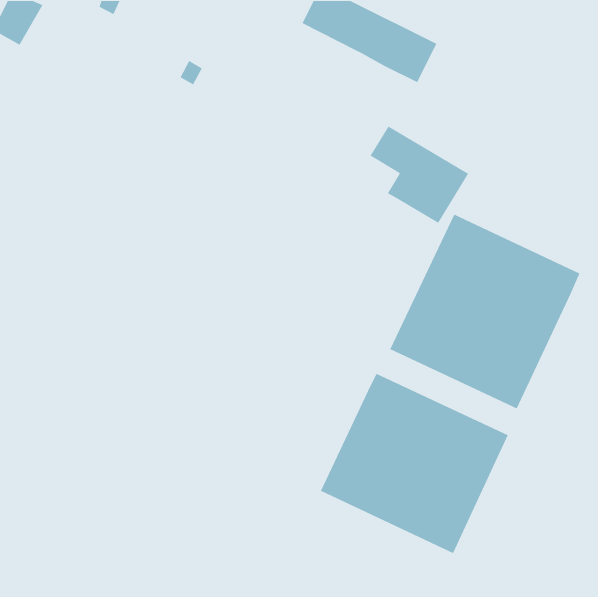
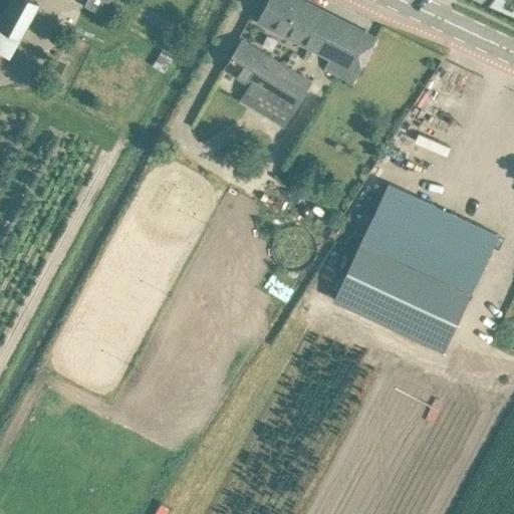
building: [369,125,469,224] -> [225,43,310,127]
building: [320,373,509,554] -> none

